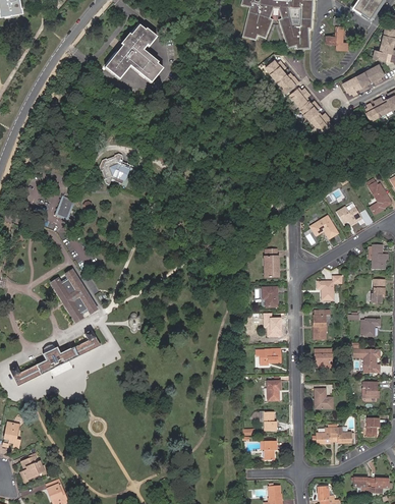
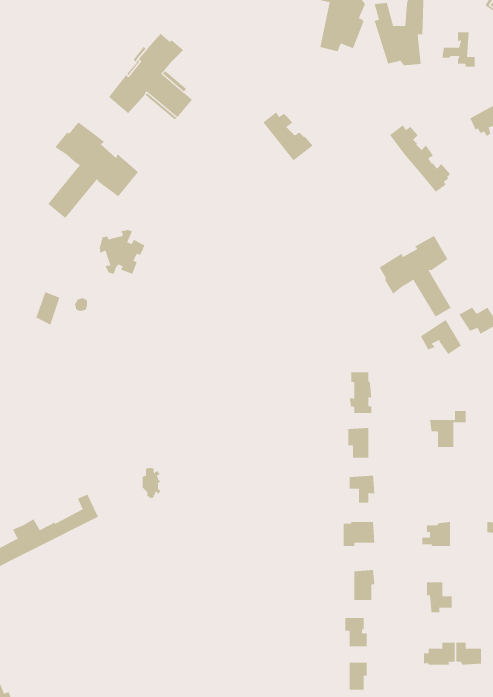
building: [266,59,299,92] -> [262,112,313,161]
building: none -> [47,121,139,219]
building: none -> [379,235,451,318]
building: [50,270,96,322] -> none
building: [313,310,329,338] -> none

